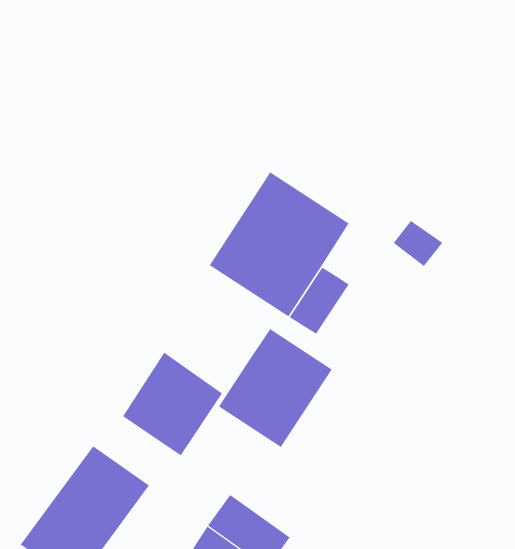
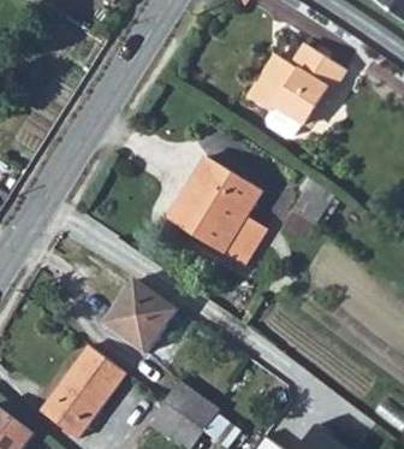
building: none -> [242,42,339,125]
building: [218,328,333,448] -> none

